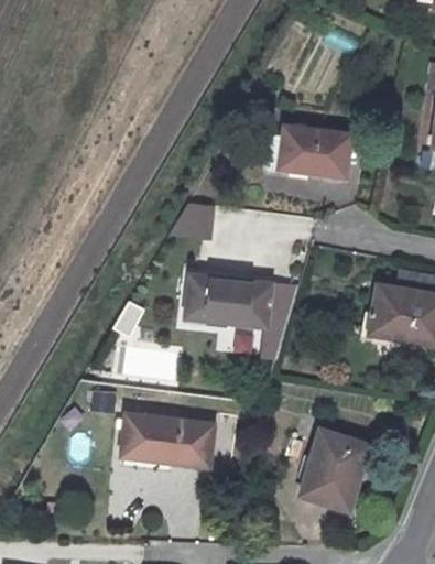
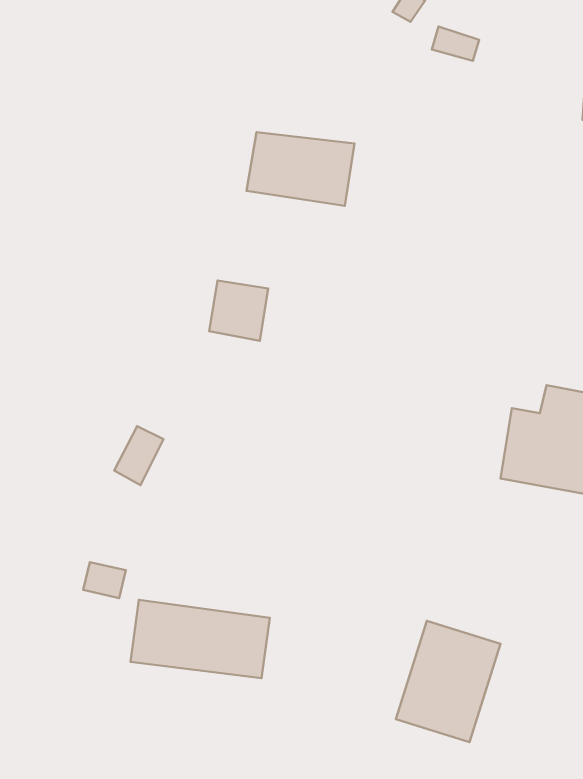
building: [278,128,350,177] -> [247,132,355,206]
building: [185,275,298,360] -> none

